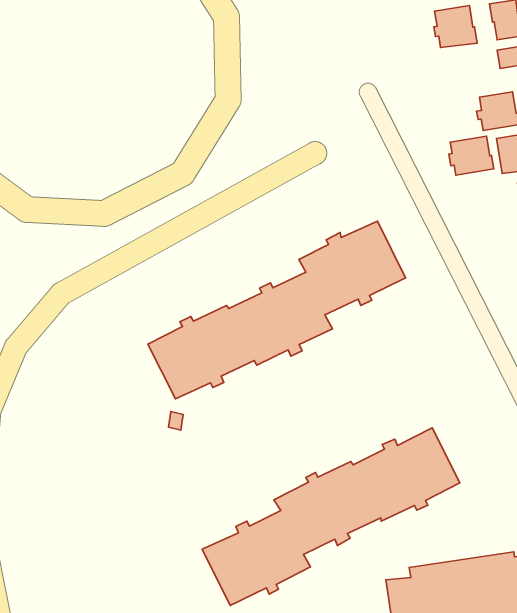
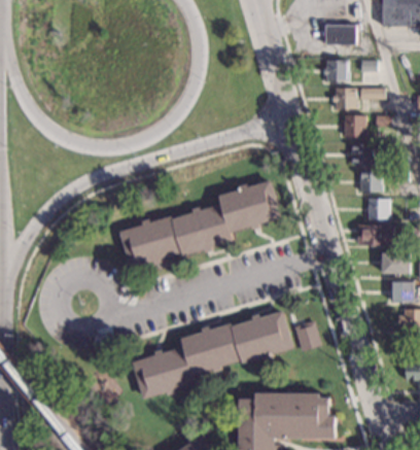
building: [449,136,494,175] -> [332,88,358,108]
building: none -> [294,320,322,351]

